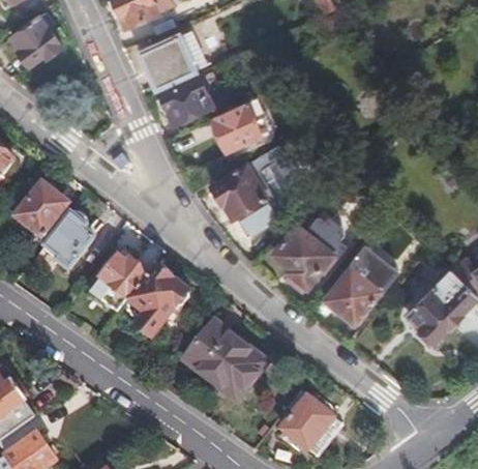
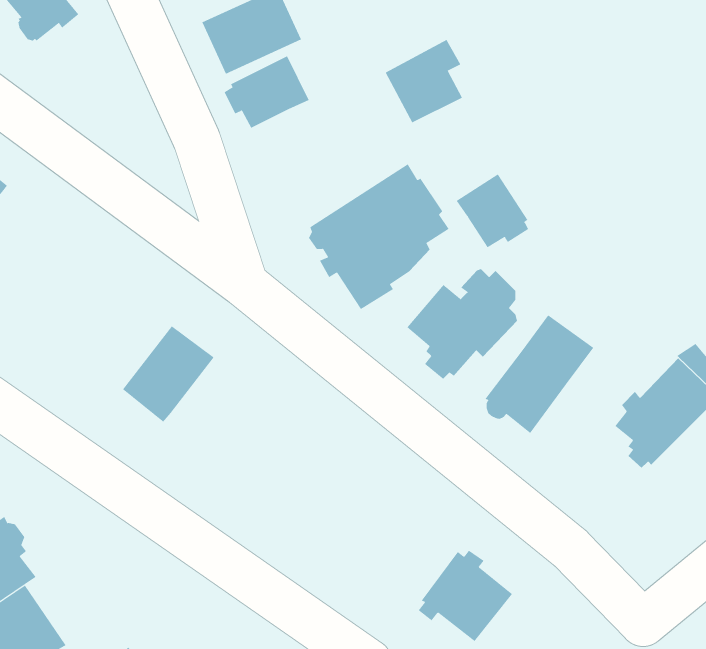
building: [211,94,262,149] -> [385,39,463,123]
building: none -> [456,173,529,248]
building: [17,185,66,236] -> none
building: [32,211,95,275] -> none
building: [121,263,189,336] -> none
building: [185,320,267,400] -> none

